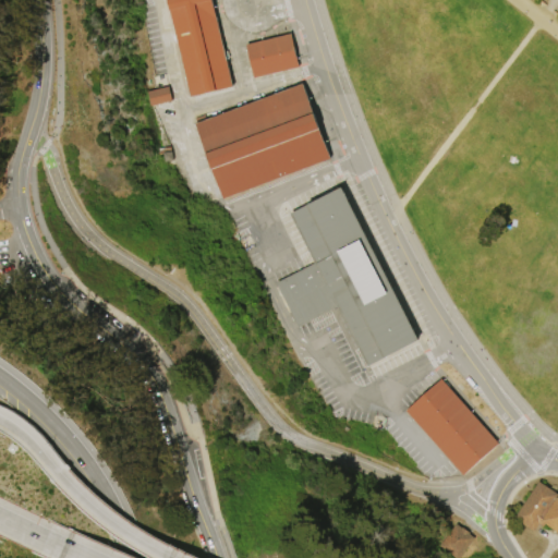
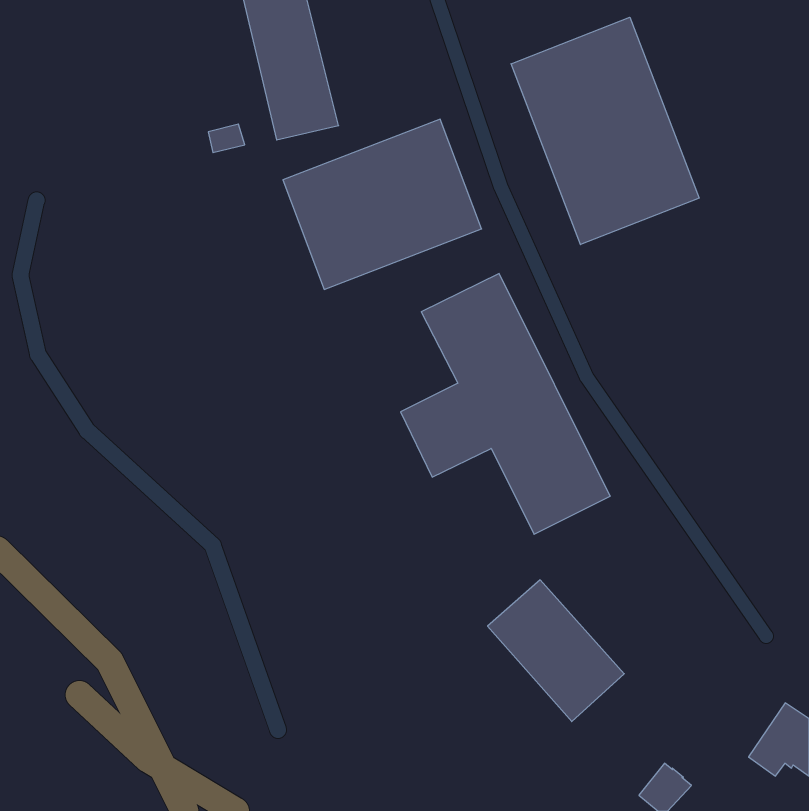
building: none -> [511,17,699,245]
building: [245,33,299,77] -> none
building: [402,378,496,475] -> [488,580,624,722]

